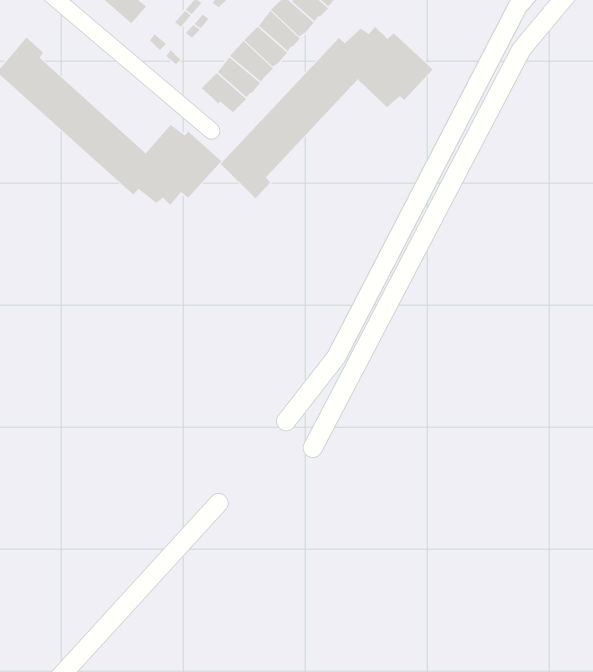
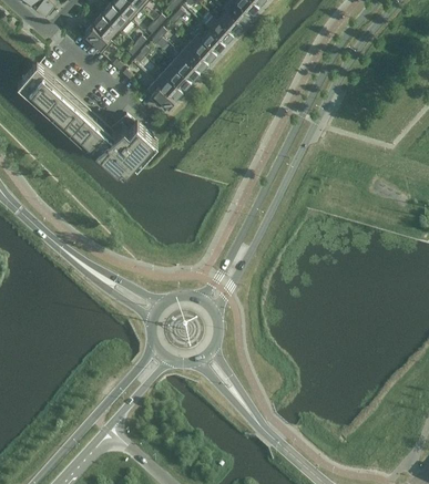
building: [220,26,433,199] -> none

